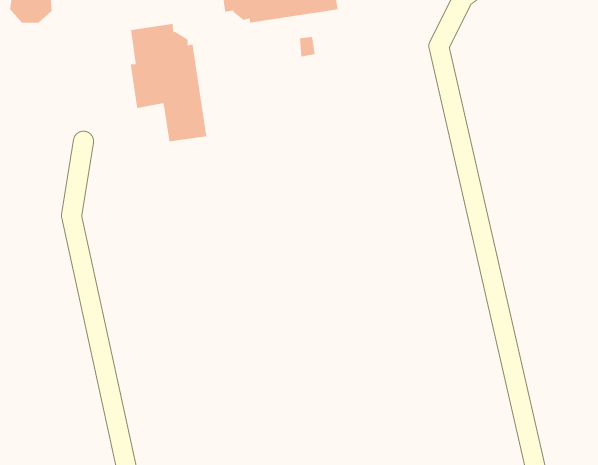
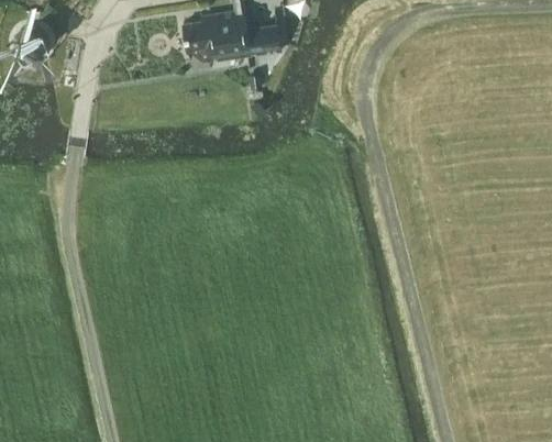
building: [130,23,207,142] -> none

